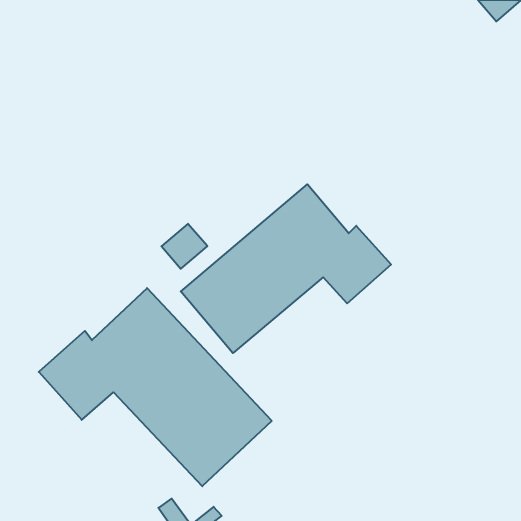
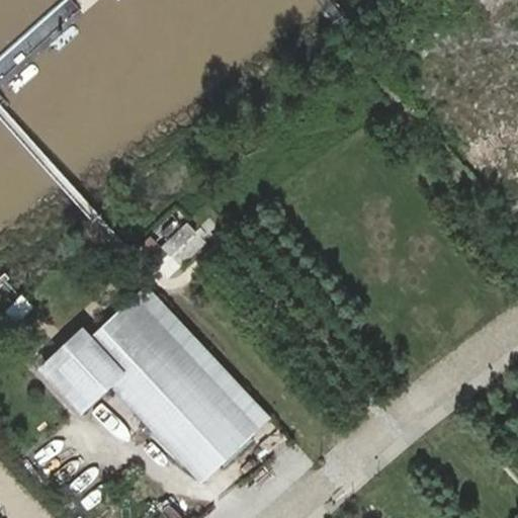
building: [181,184,391,353] -> none

